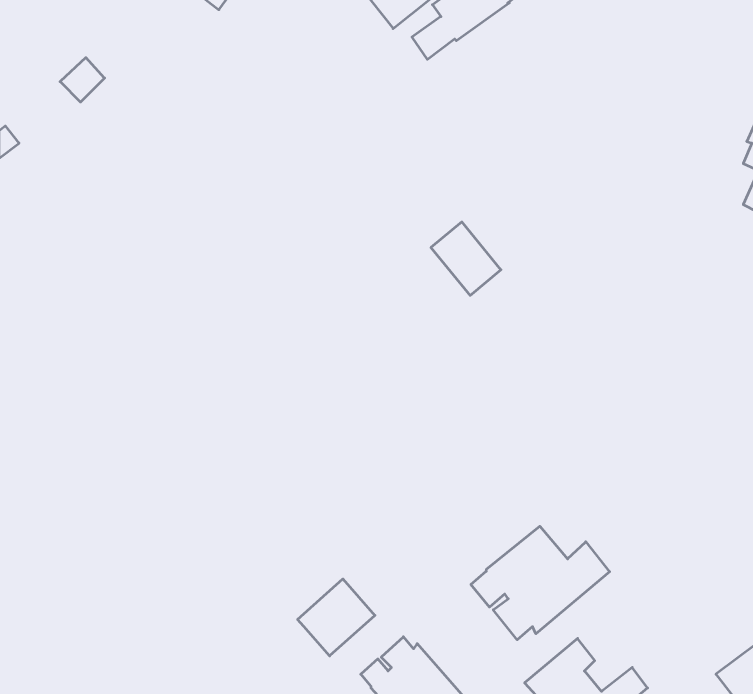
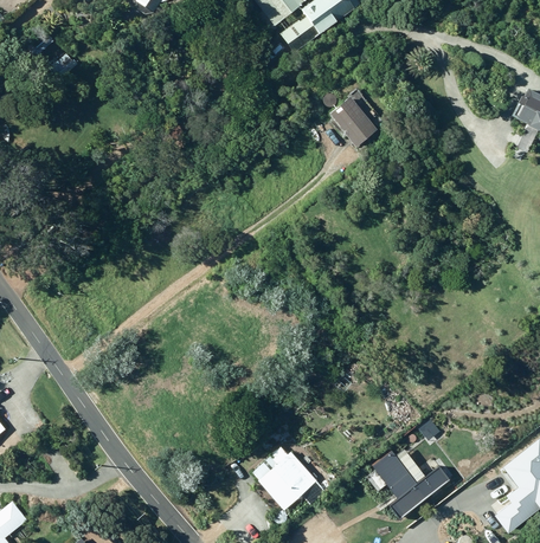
building: [431,222,501,295] -> [329,96,378,147]
building: [471,526,610,640] -> none
building: [298,579,375,656] -> none

